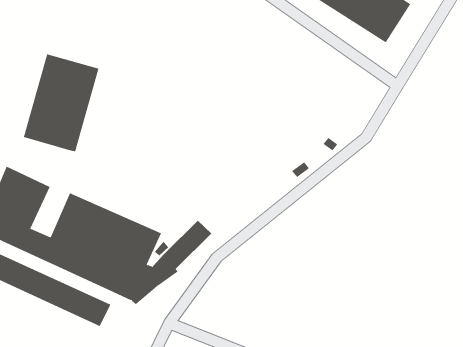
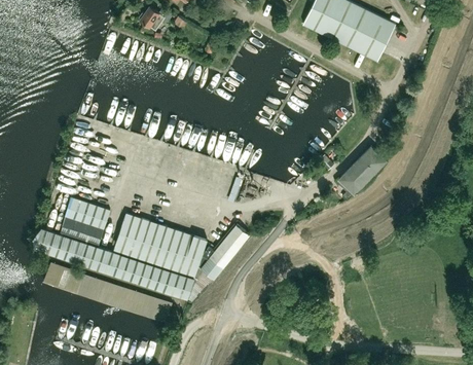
building: [23,54,99,152] -> none
building: none -> [336,147,387,202]

